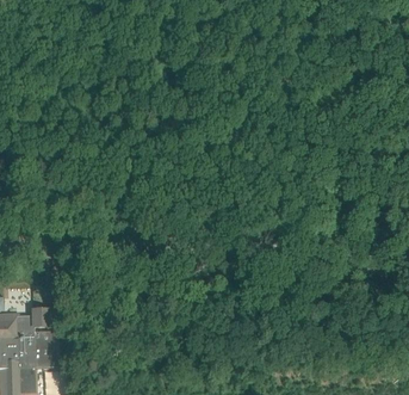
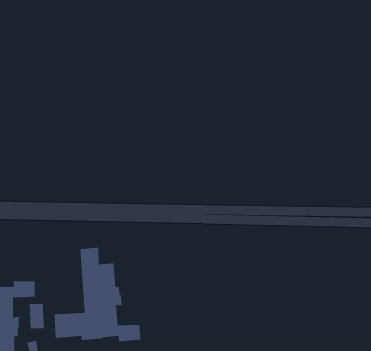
building: none -> [54,247,141,342]

